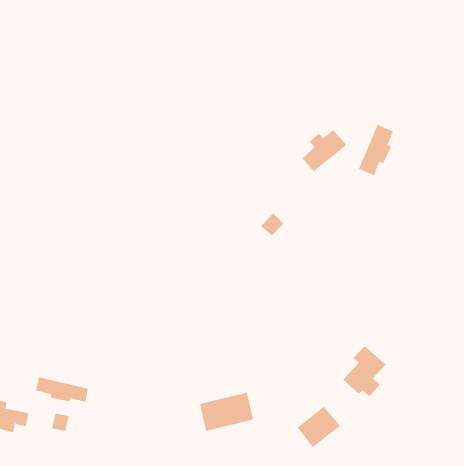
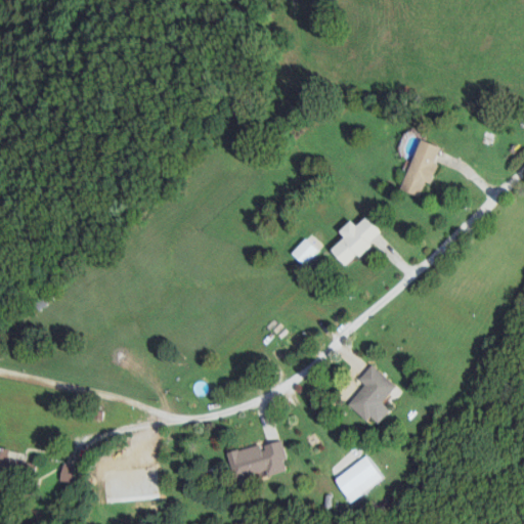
building: [302,129,347,172] -> [332,217,383,265]
building: [343,345,386,397] -> [346,365,395,424]
building: [36,377,89,403] -> none

